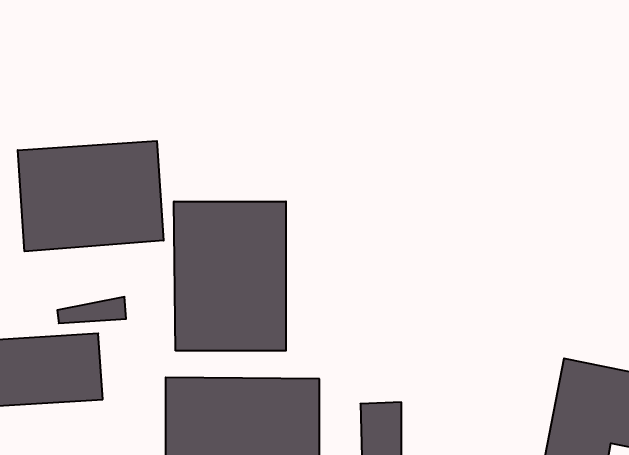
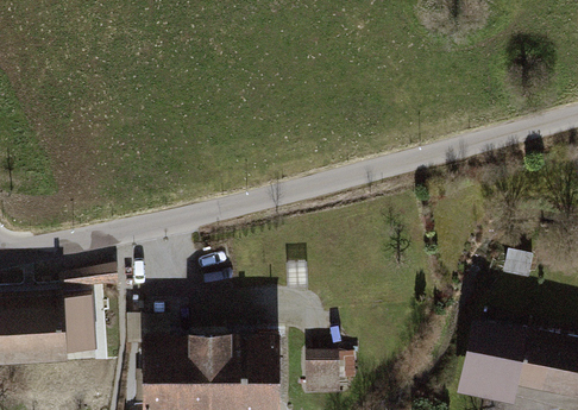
building: [18,141,164,251] -> none
building: [174,201,286,351] -> none

